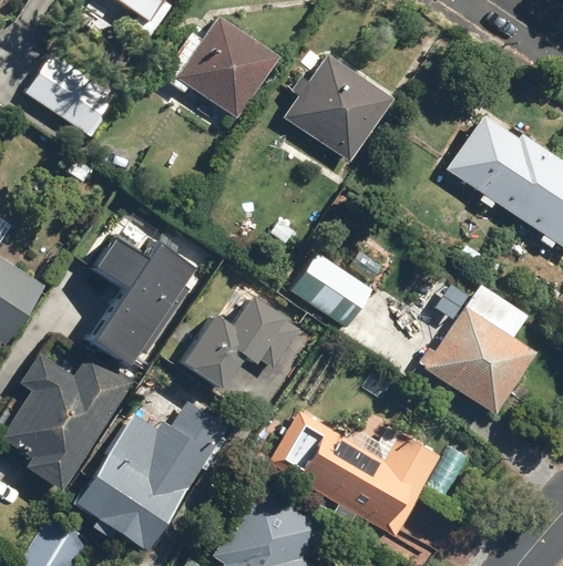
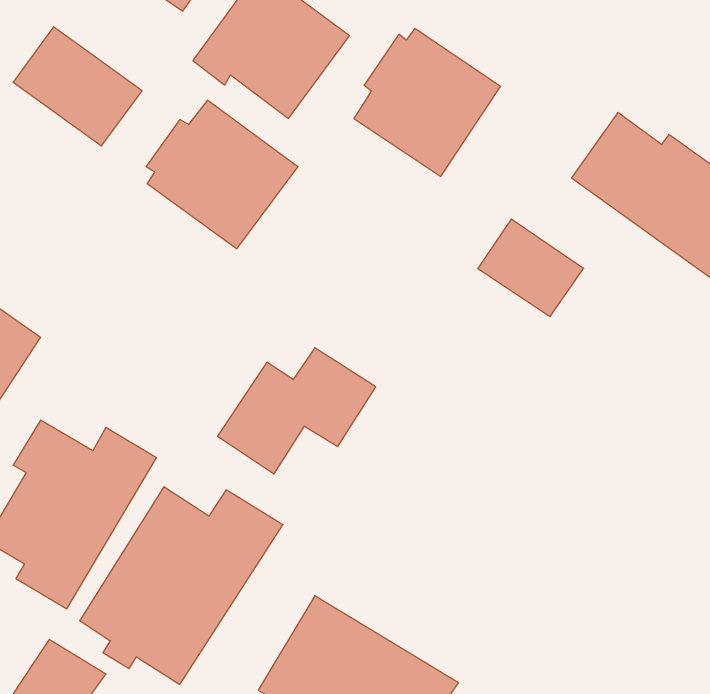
building: none -> [146,100,298,249]
building: [90,236,199,369] -> none
building: [293,254,373,328] -> [478,219,584,316]
building: [418,281,539,421] -> none
building: [268,409,441,537] -> none

